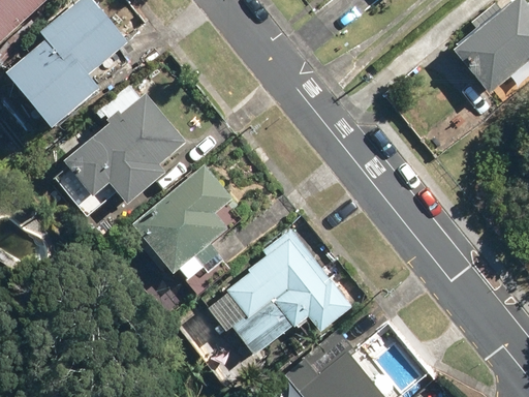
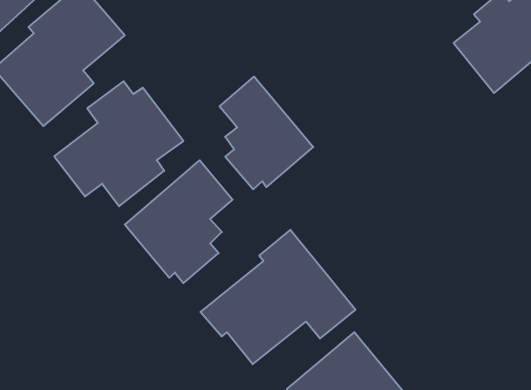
building: none -> [220,77,313,189]

